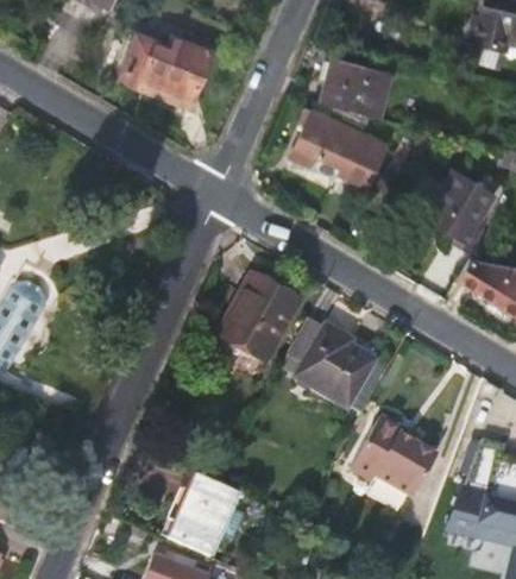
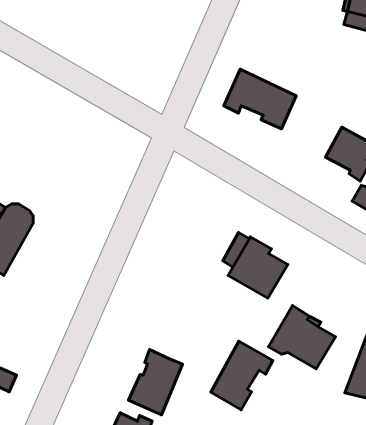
building: [125,38,212,100] -> none
building: [319,59,384,117] -> none
building: [220,273,303,360] -> none
building: none -> [211,341,273,410]

